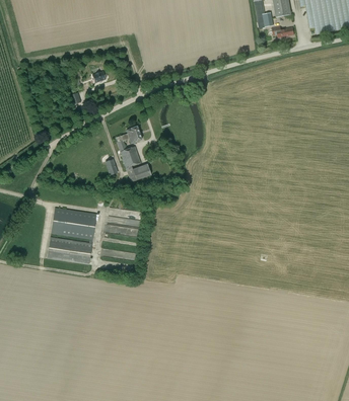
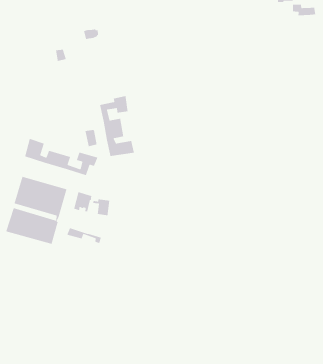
building: none -> [24,138,98,176]

